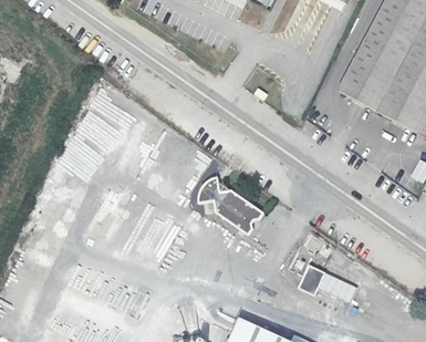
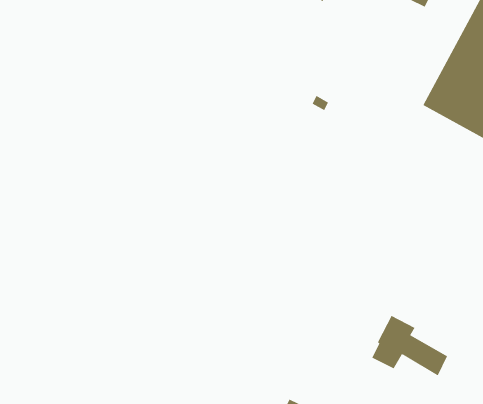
building: [187,172,261,232] -> none

